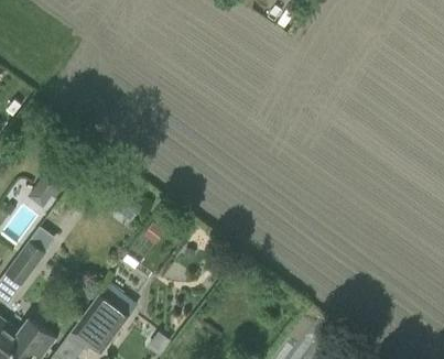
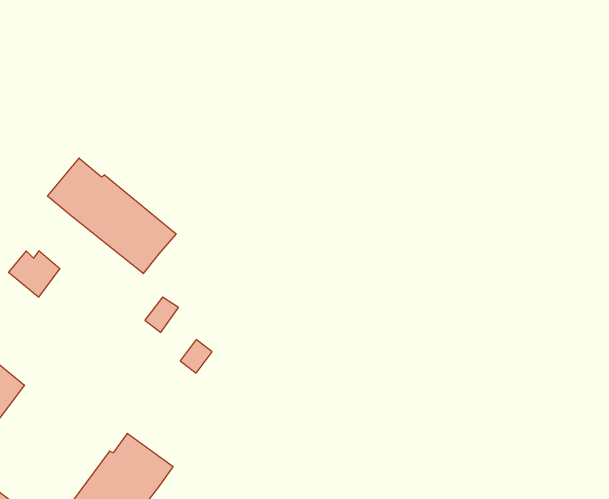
building: none -> [47,158,176,274]

